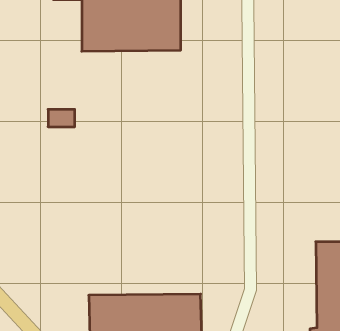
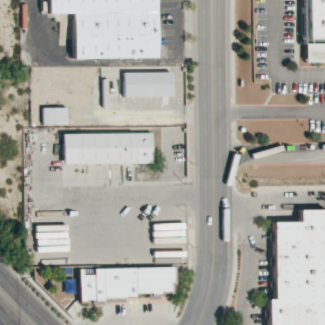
building: none -> [125,71,174,96]
building: none -> [65,132,155,164]

